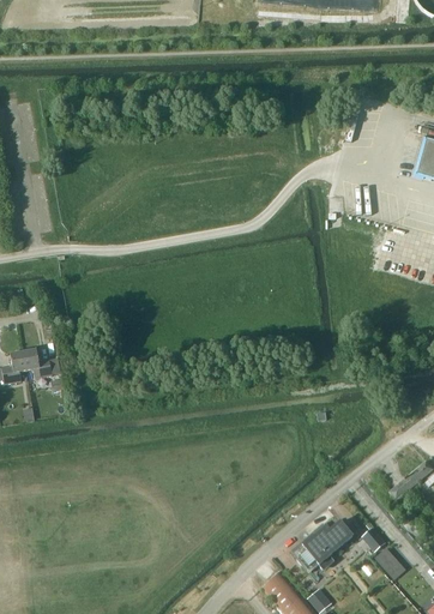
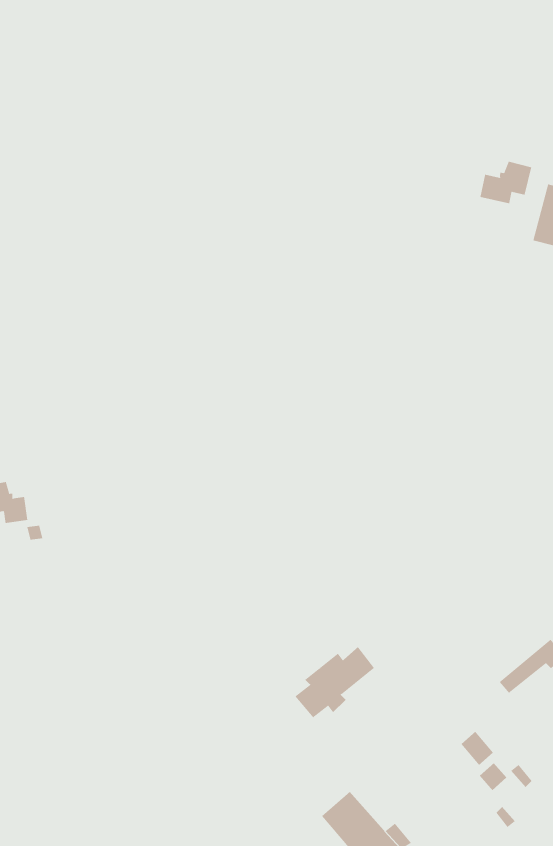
building: none -> [480,161,532,204]
building: [295,519,352,571] -> [294,646,375,718]

